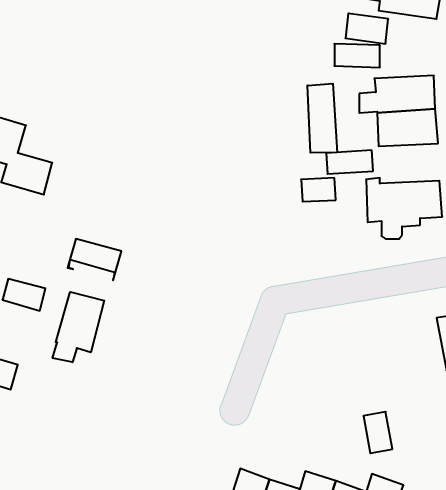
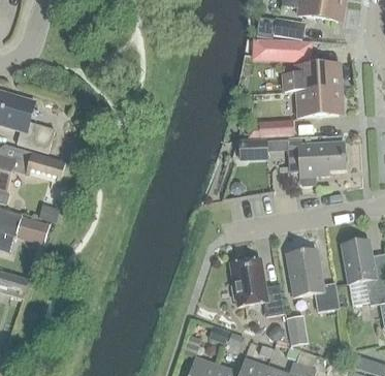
building: [307,84,337,153] -> none
building: [68,239,121,280] -> [24,152,64,183]
building: [53,292,104,362] -> none
building: none -> [286,248,339,311]
building: none -> [229,258,284,316]

